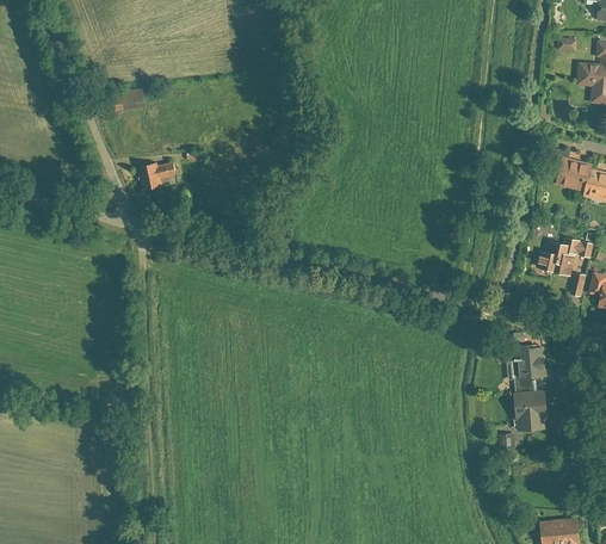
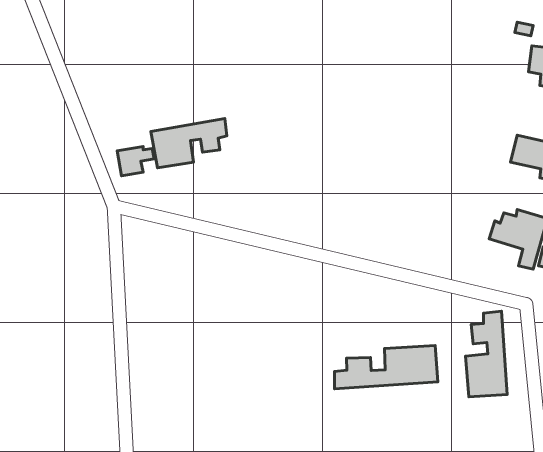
building: none -> [151,119,227,168]
building: none -> [334,346,438,389]

